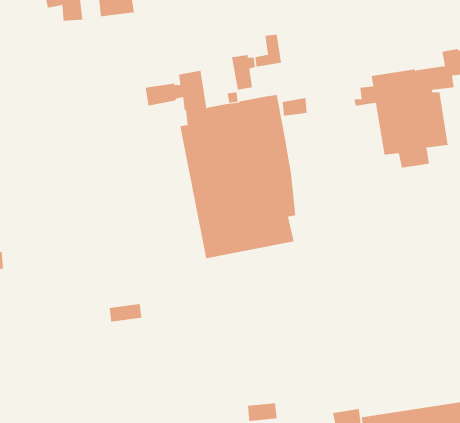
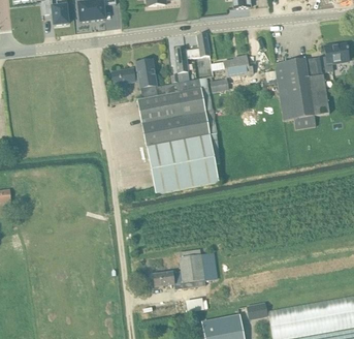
building: none -> [211,54,253,75]
building: none -> [152,251,217,288]

